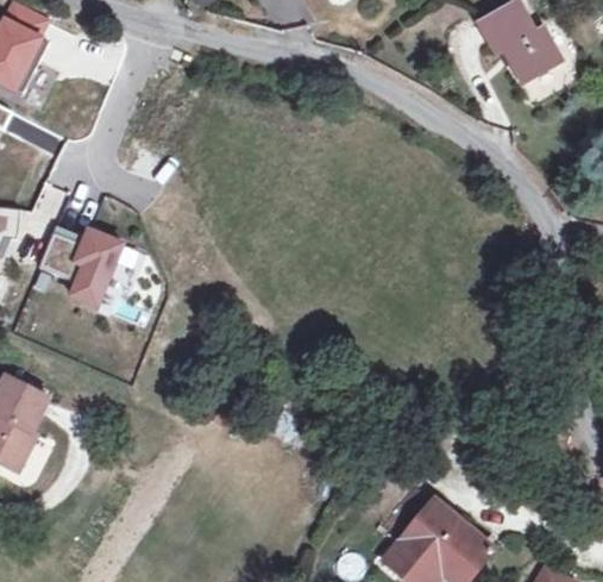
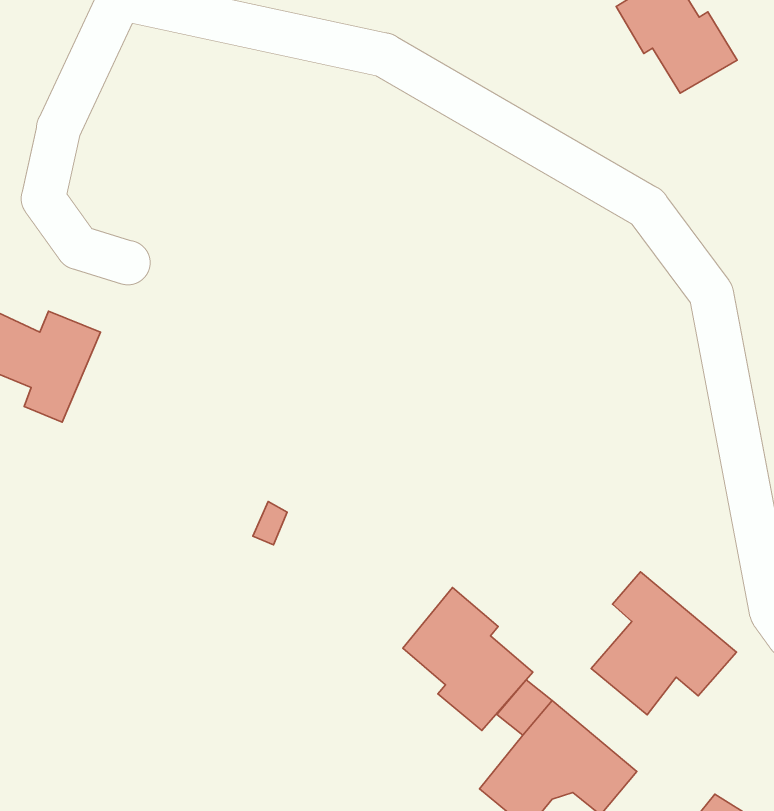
building: none -> [591,572,737,715]
building: none -> [403,588,533,731]

